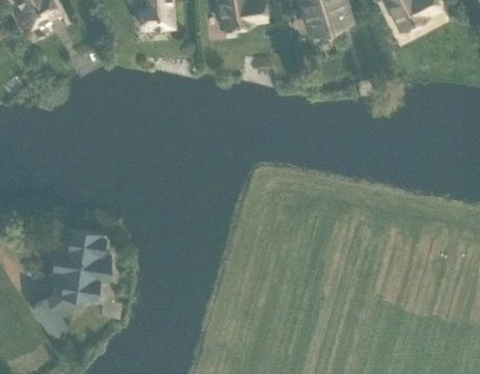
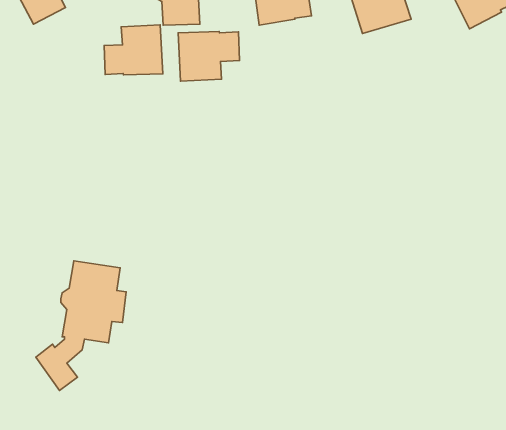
building: none -> [104,25,163,75]
building: none -> [178,32,240,81]

